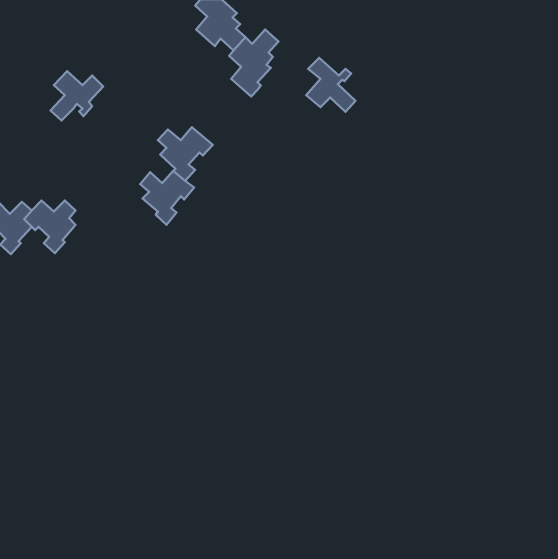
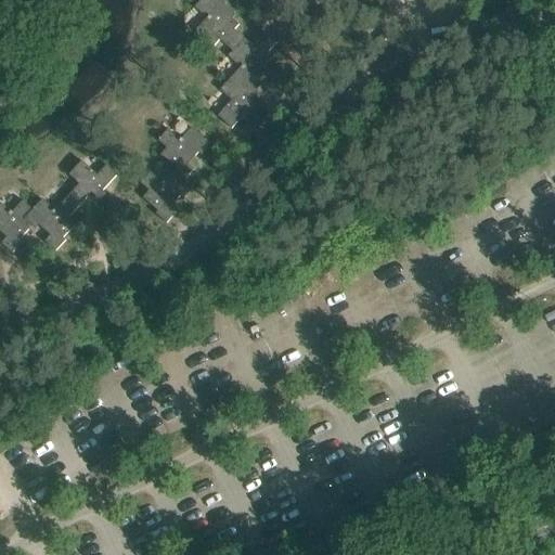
building: [306,58,355,112] -> [216,78,264,131]
building: [51,71,103,120] -> [64,159,116,208]

